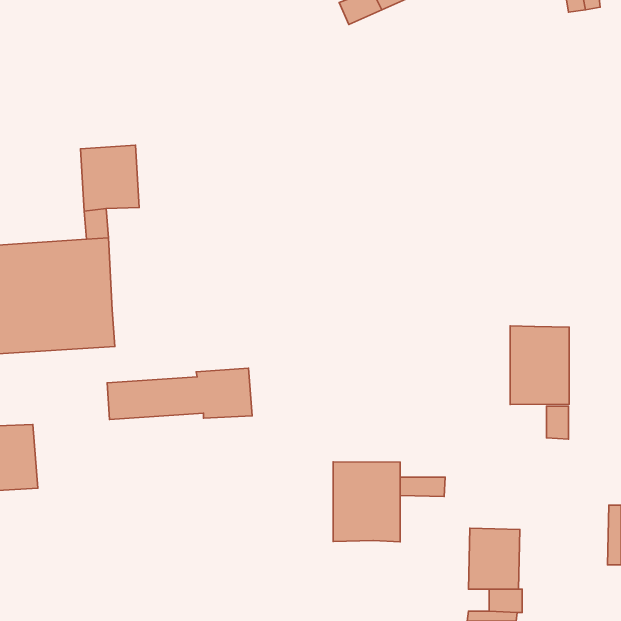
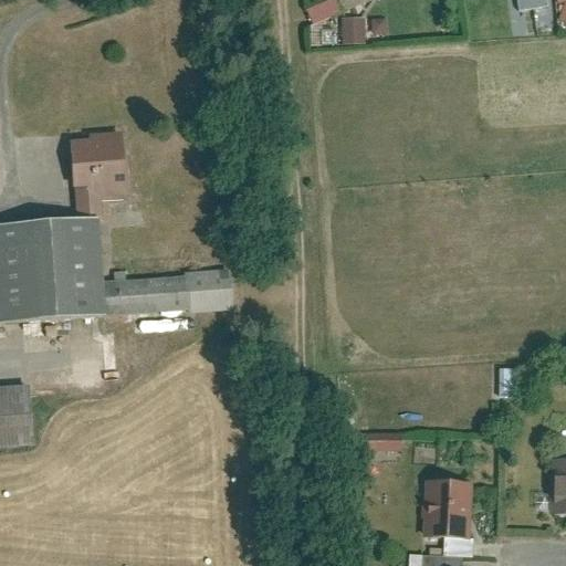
building: none -> [343,15,365,42]
building: [510,326,569,405] -> none
building: [107,368,252,419] -> [102,268,233,314]
building: [333,462,400,542] -> none

